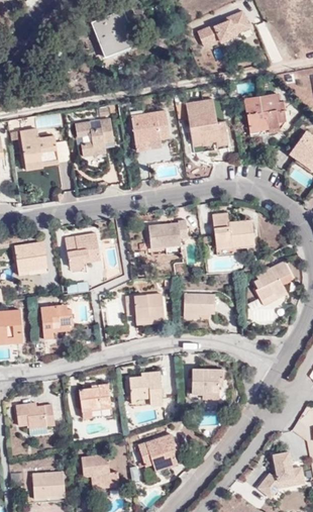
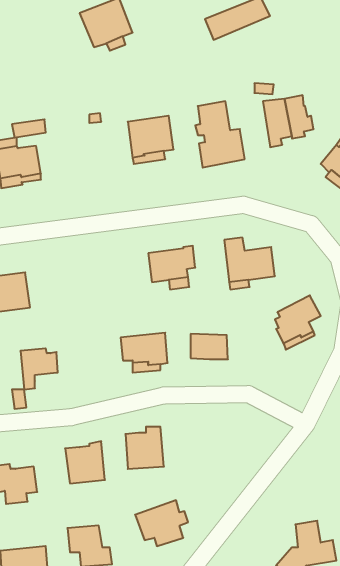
building: [75,117,114,157] -> none
building: [66,232,100,267] -> none
building: [192,369,224,395] -> none

